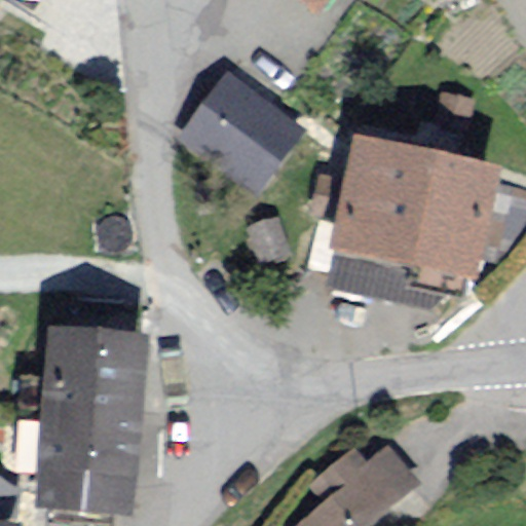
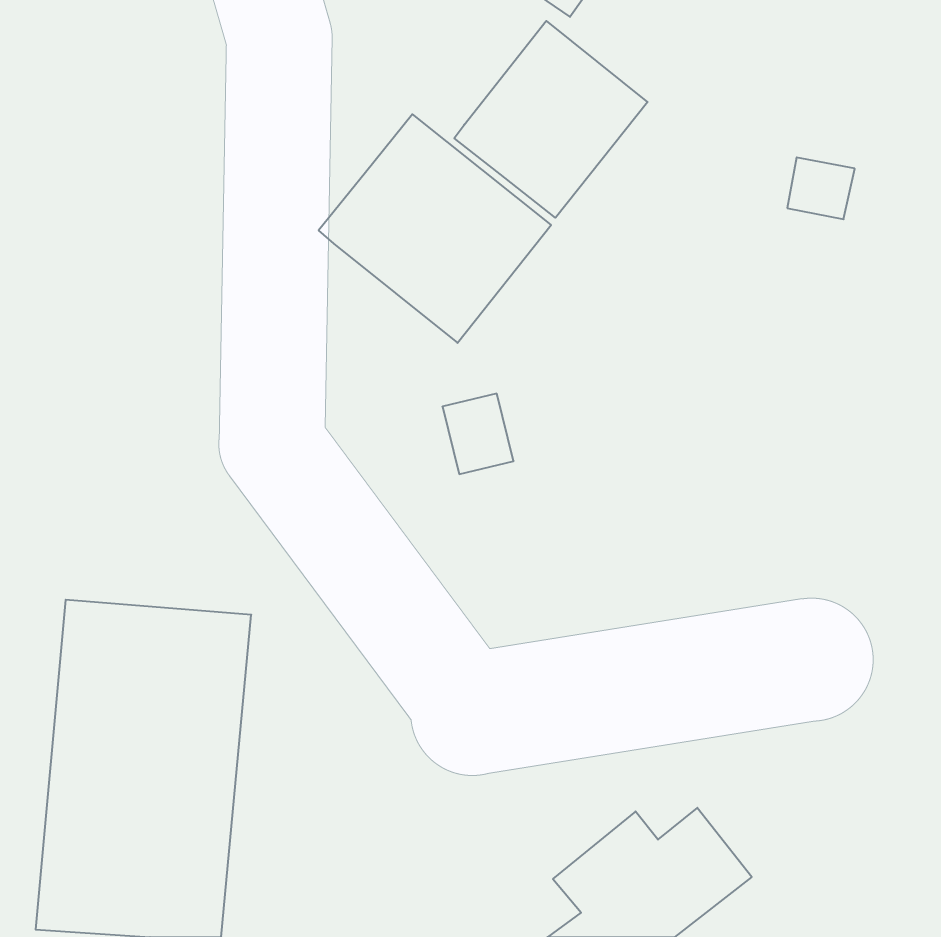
building: none -> [454,21,648,218]
building: [330,135,492,281] -> none

